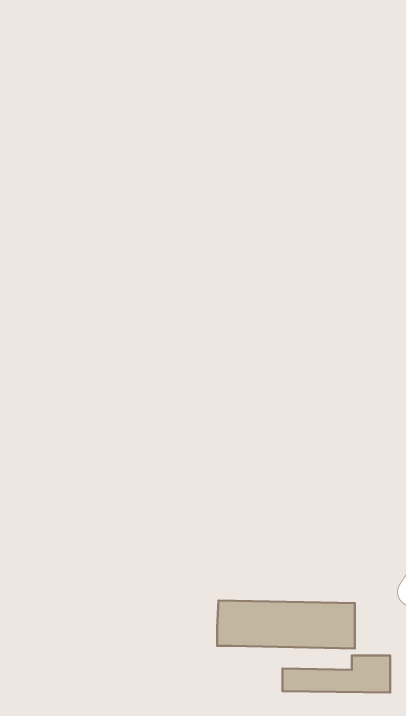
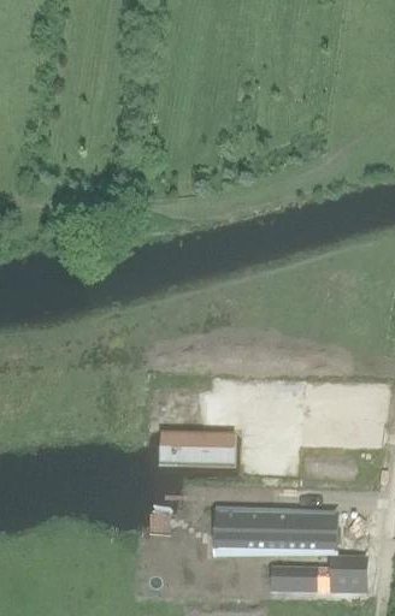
building: none -> [158,431,232,463]

